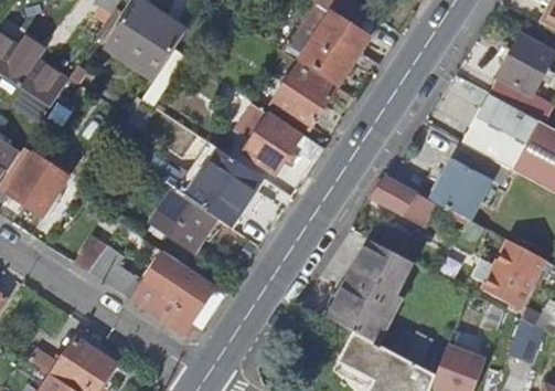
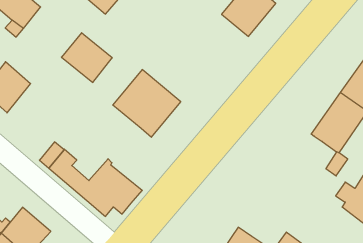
building: [271,65,333,128] -> none
building: [233,105,323,173] -> none
building: [374,175,437,223] -> none
building: [150,190,215,252] -> [61,33,112,82]
building: [328,237,410,339] -> none

